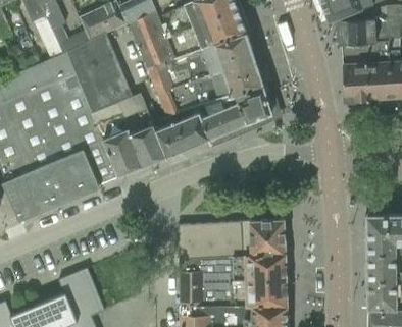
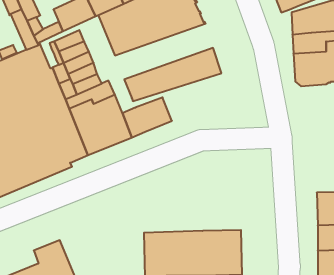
building: [147,33,254,94] -> none
building: [166,87,271,139] -> none
building: [177,220,285,261] -> none

